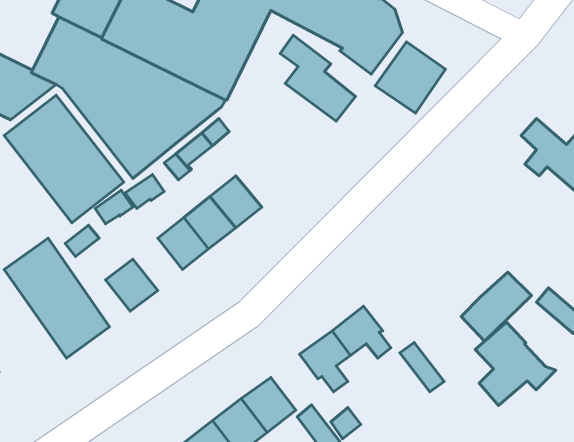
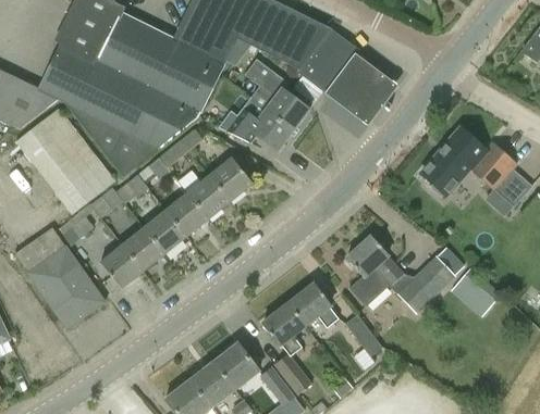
building: none -> [218,98,292,151]
building: none -> [419,141,462,196]
building: none -> [208,156,251,201]
building: none -> [122,227,163,271]
building: [475,322,556,405] -> [345,236,413,305]

